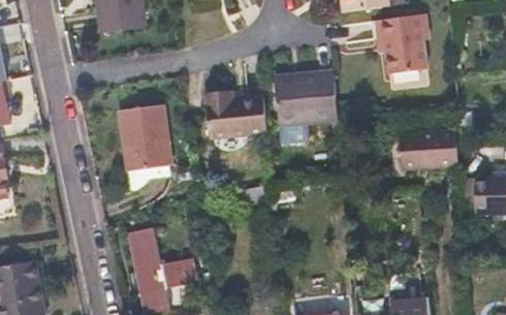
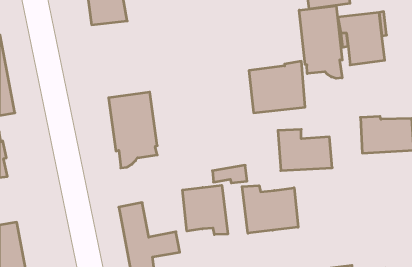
building: none -> [299,6,342,78]
building: [205,91,265,136] -> [278,129,332,171]
building: none -> [183,185,228,235]
building: none -> [242,186,298,233]

